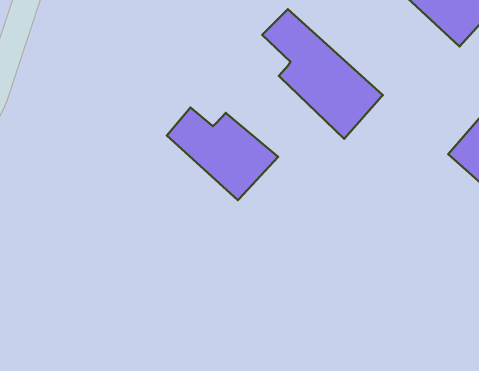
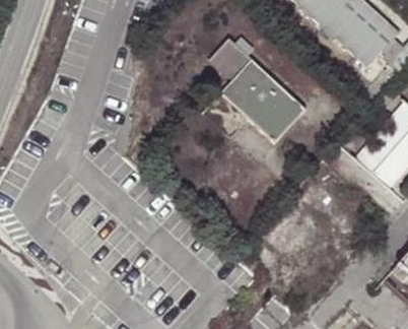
building: [167,107,278,200] -> none

